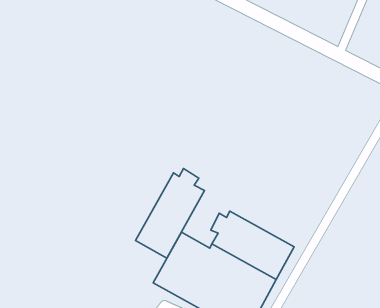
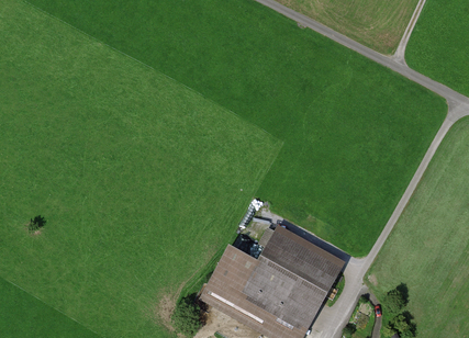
building: [136,169,205,258] -> none

